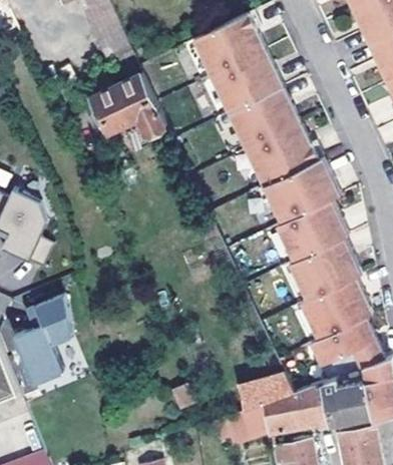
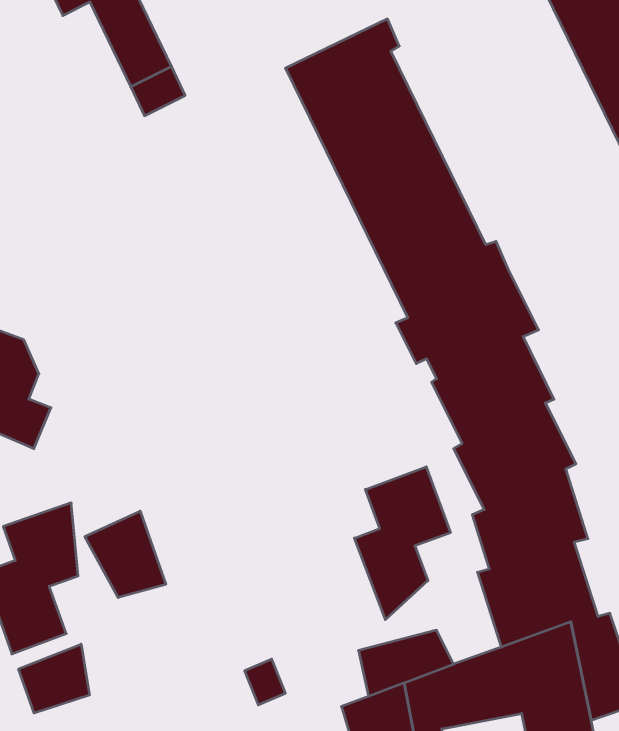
building: [91,73,165,135] -> none
building: none -> [354,467,450,620]
building: none -> [85,511,166,598]
building: none -> [19,644,89,713]

